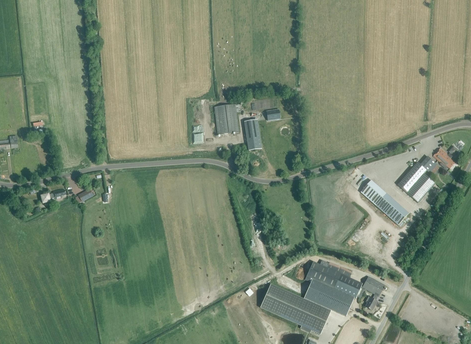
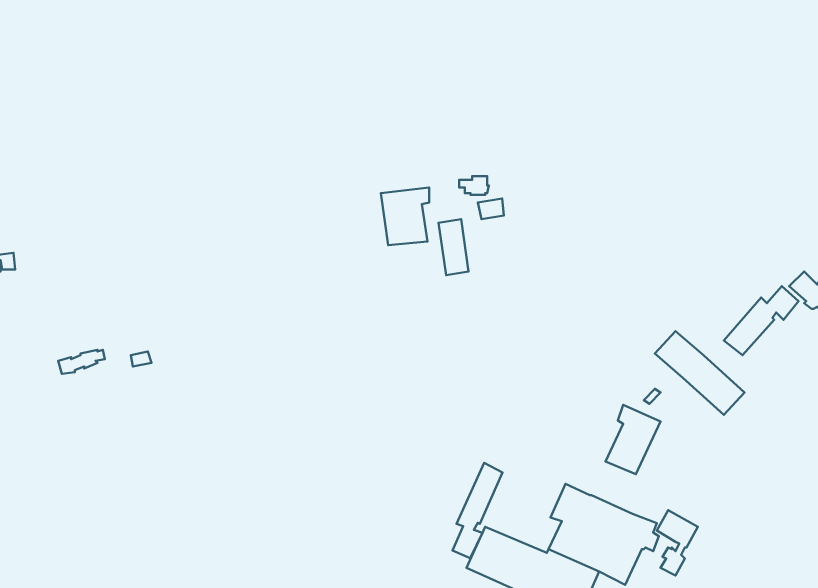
building: [408,174,435,203] -> none
building: none -> [605,405,661,474]
building: none -> [452,463,502,558]

